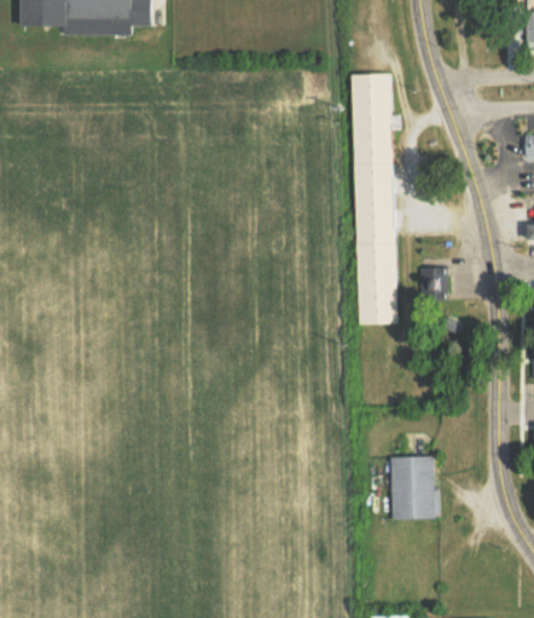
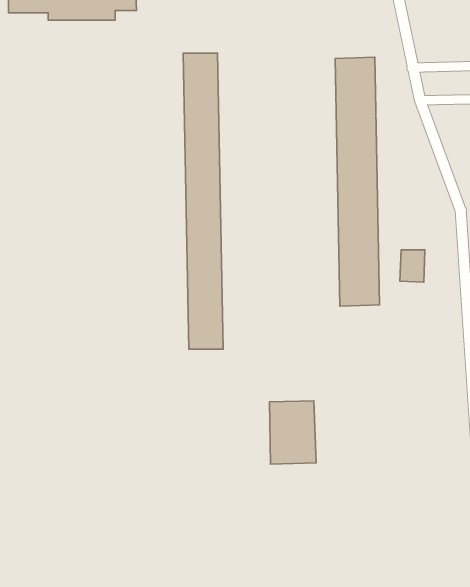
building: none -> [183,53,223,349]
building: [390,455,437,519] -> [269,401,316,464]

